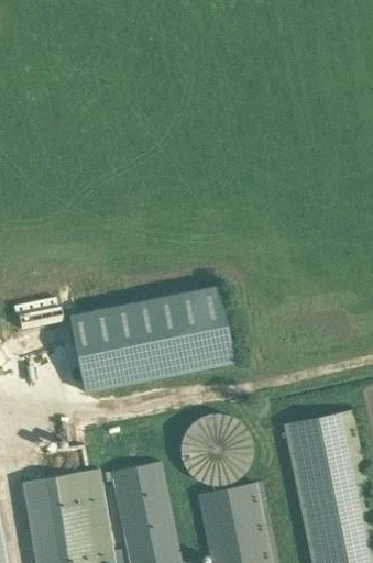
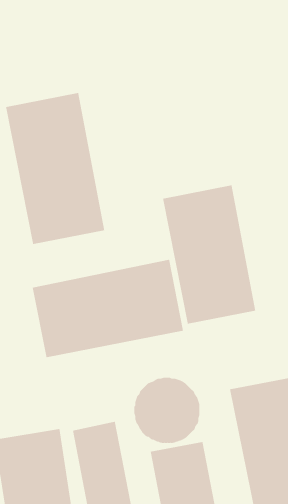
building: none -> [5,92,105,245]
building: none -> [163,185,256,325]

